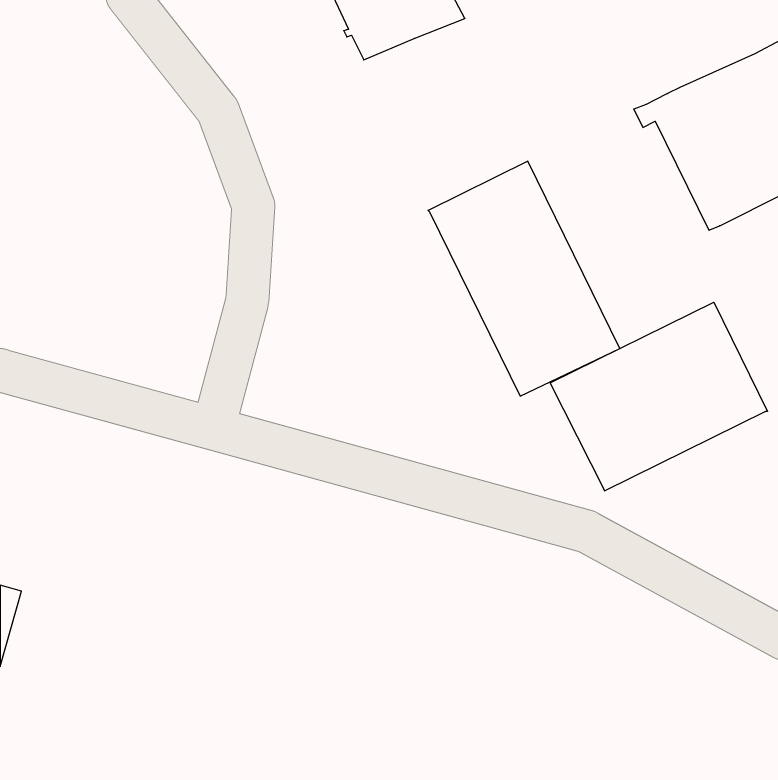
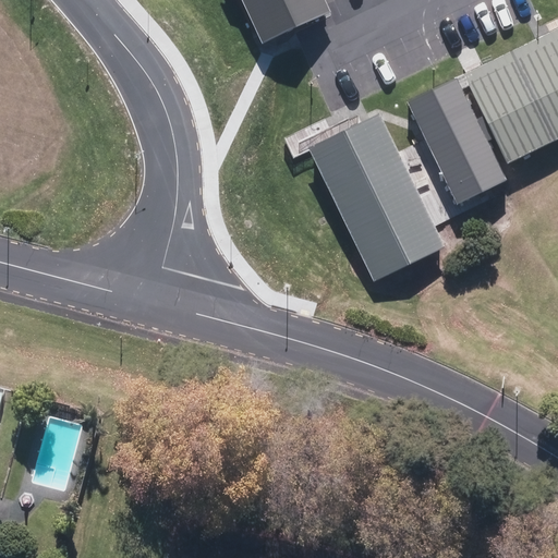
building: none -> [408,77,506,204]
building: [550,302,767,491] -> none

